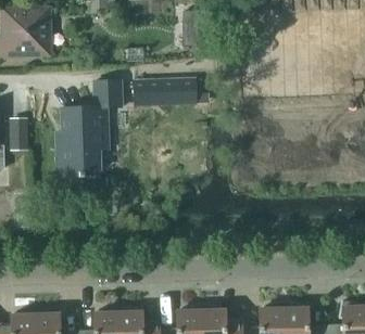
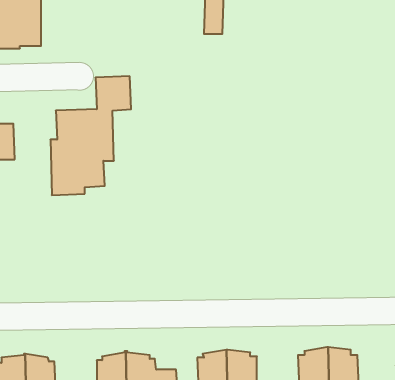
building: [134,78,198,104] -> none

